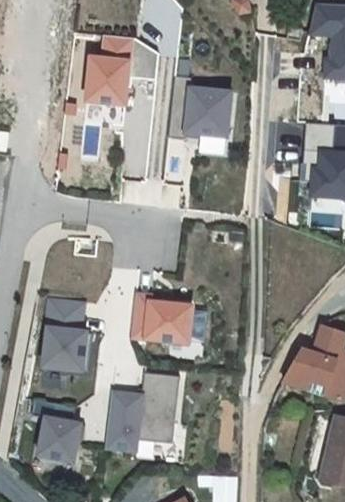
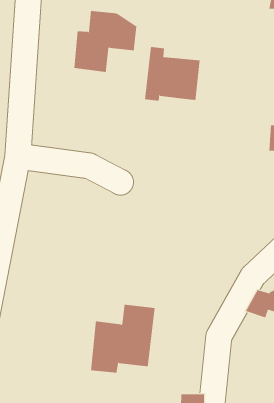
building: [130,294,192,343] -> none
building: [43,297,88,368] -> none
building: [32,399,83,462] -> none

